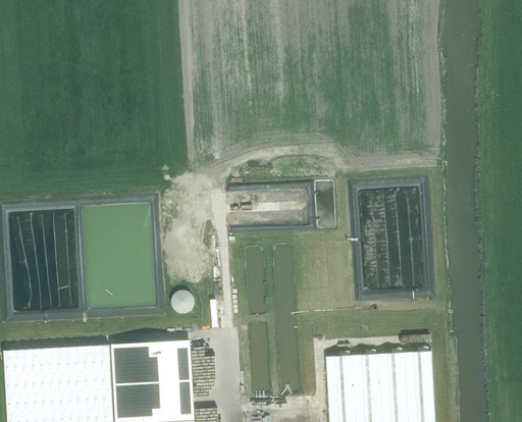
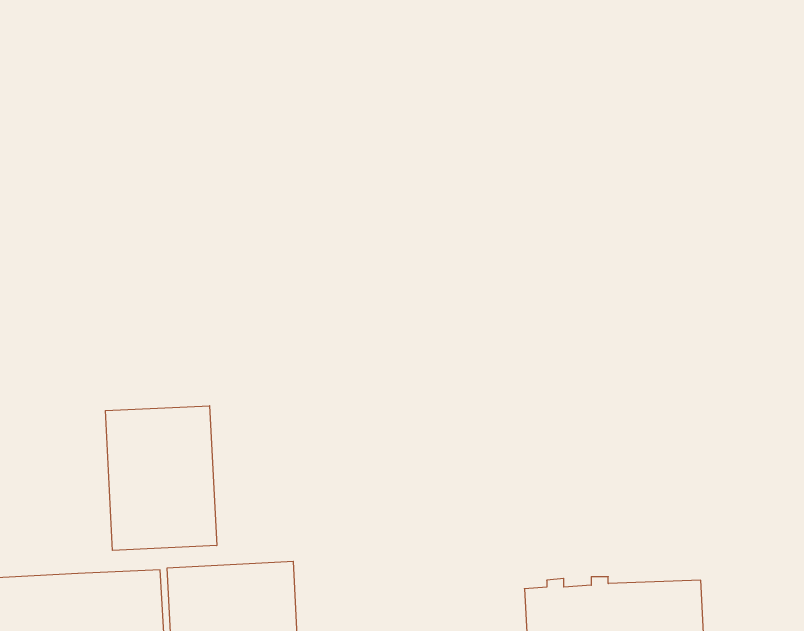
building: none -> [105,406,217,550]

